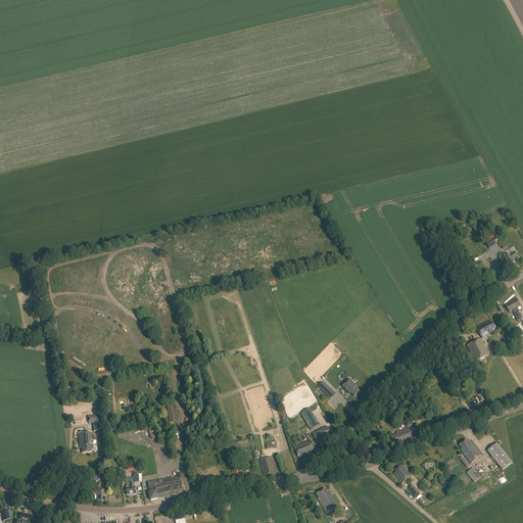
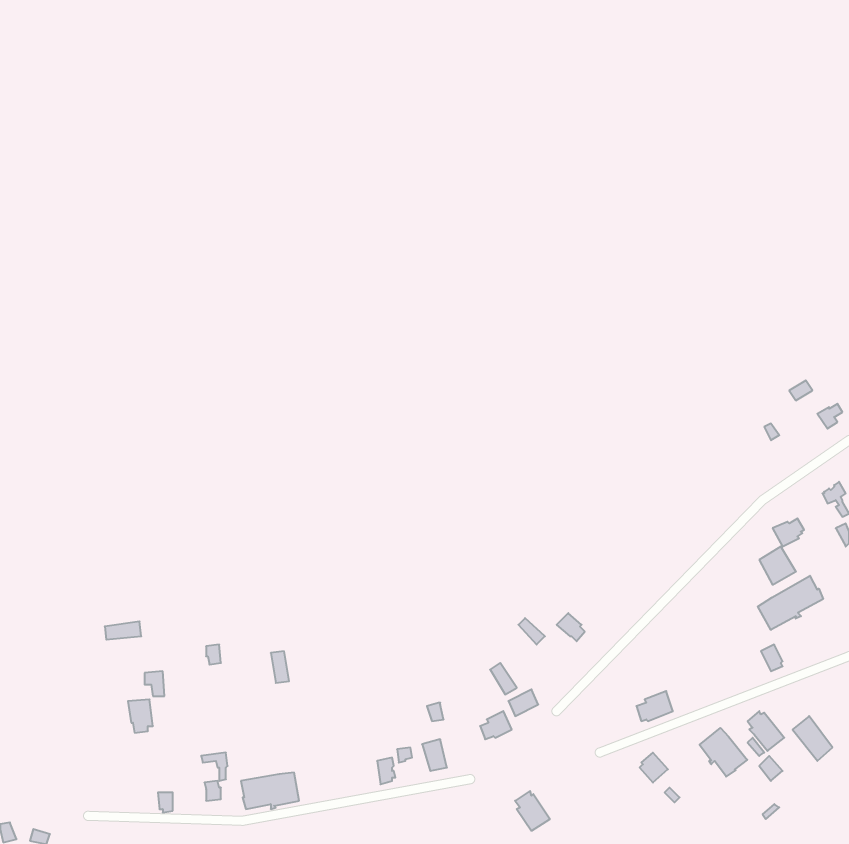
building: none -> [758,576,823,630]
building: none -> [700,728,747,777]

